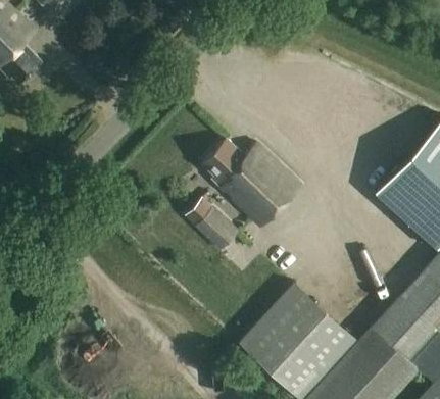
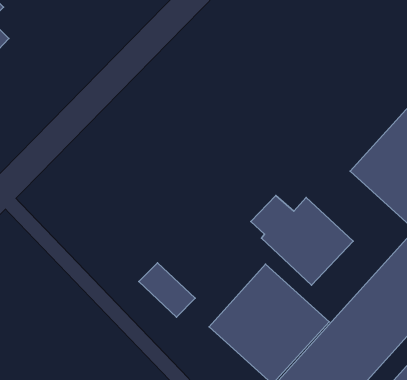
building: [202,138,302,226] -> [251,195,353,285]
building: [184,199,239,252] -> [139,263,195,317]

